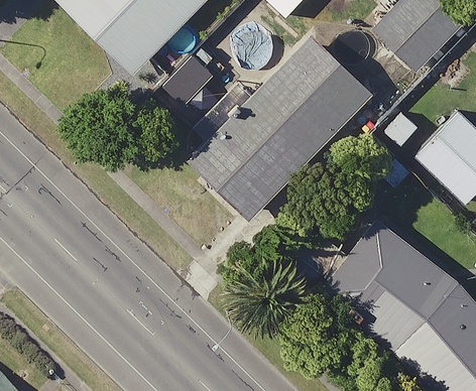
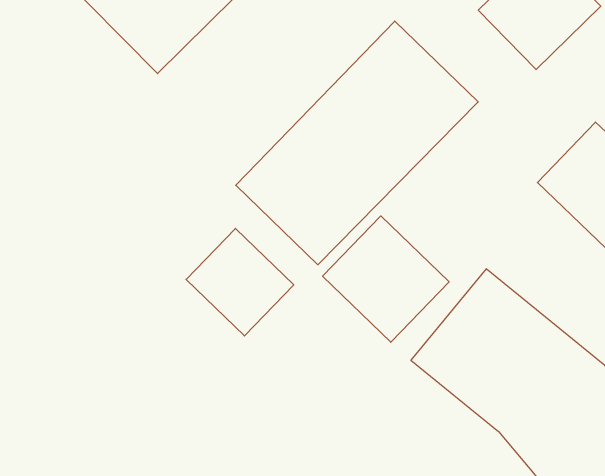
building: none -> [323,216,449,342]
building: none -> [186,228,294,336]

